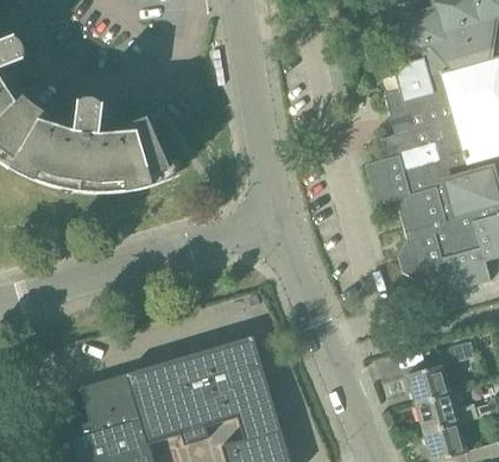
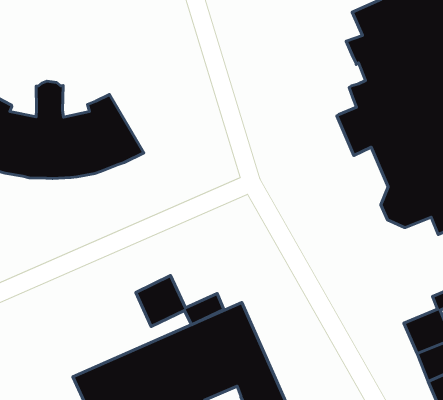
building: none -> [136,276,224,327]

